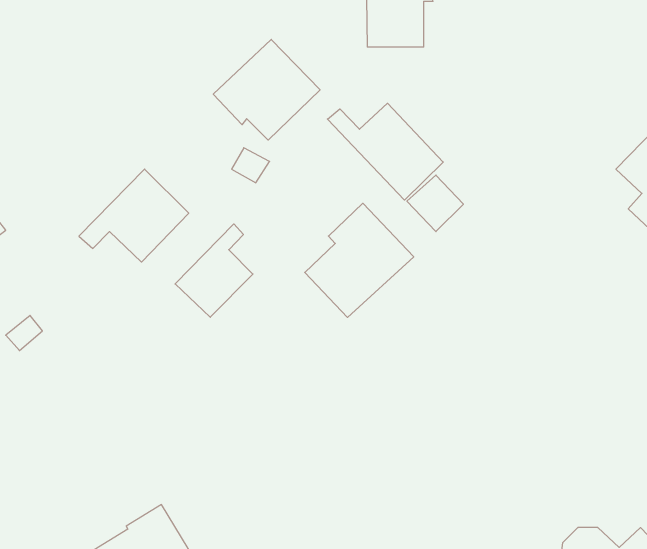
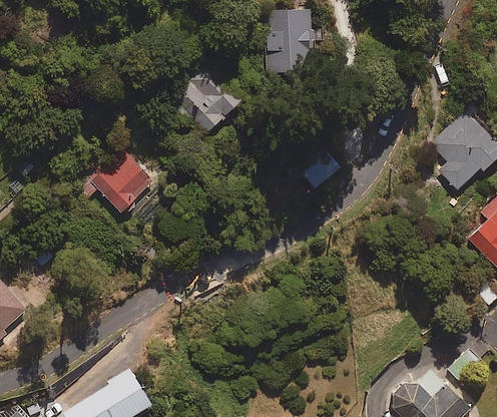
building: [327,103,443,200] -> none
building: [305,203,414,317] -> none
building: [175,224,253,317] -> none

